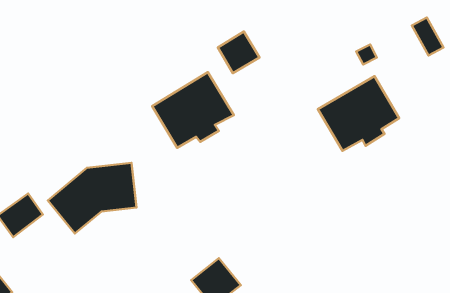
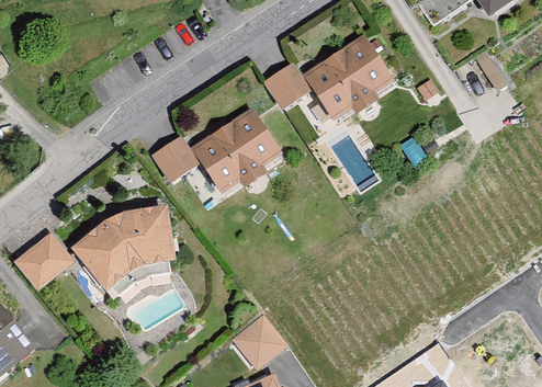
building: [318,76,399,151] -> [300,37,389,119]
building: none -> [149,136,195,182]

